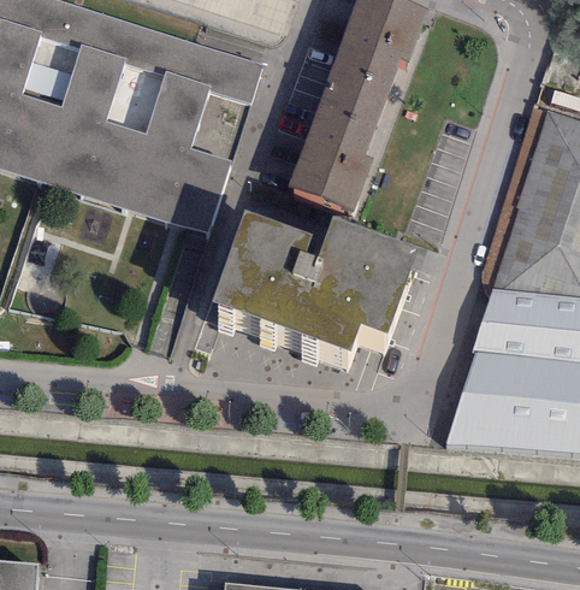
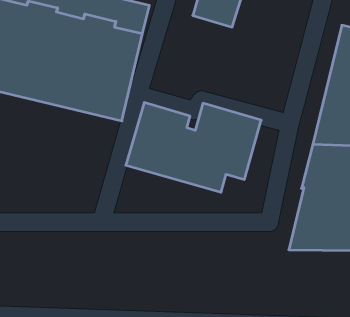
building: [286,84,383,212] -> none

